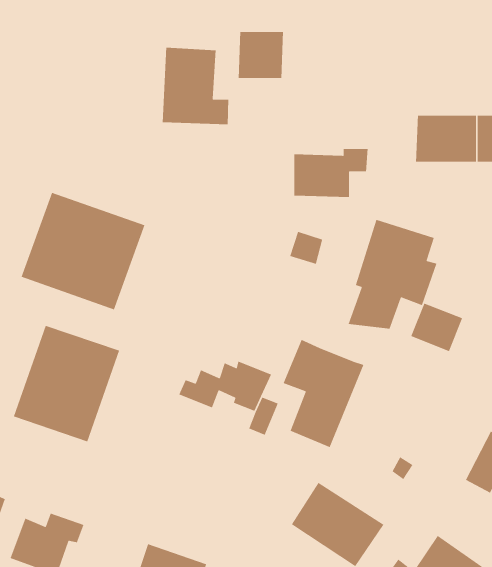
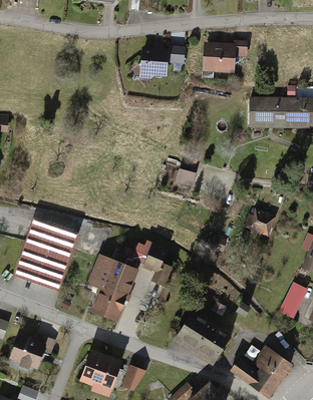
building: [162,47,229,125] -> none
building: [293,148,368,198] -> [206,42,250,71]
building: [21,192,145,310] -> none
building: [348,219,438,330] -> none
building: [283,339,364,448] -> [86,258,134,322]

